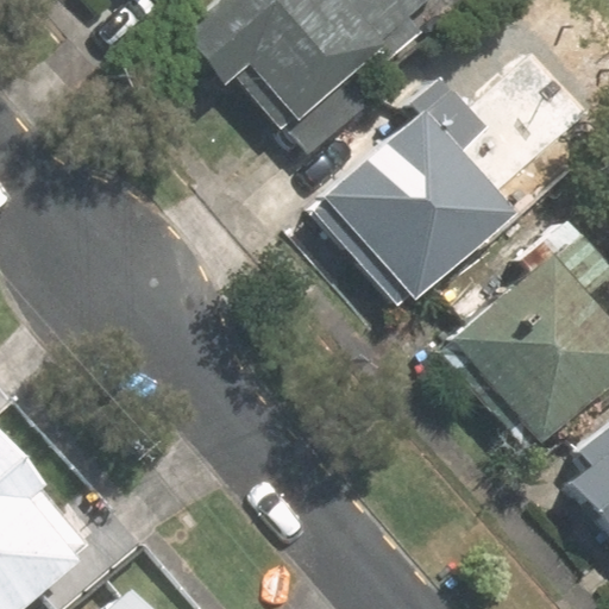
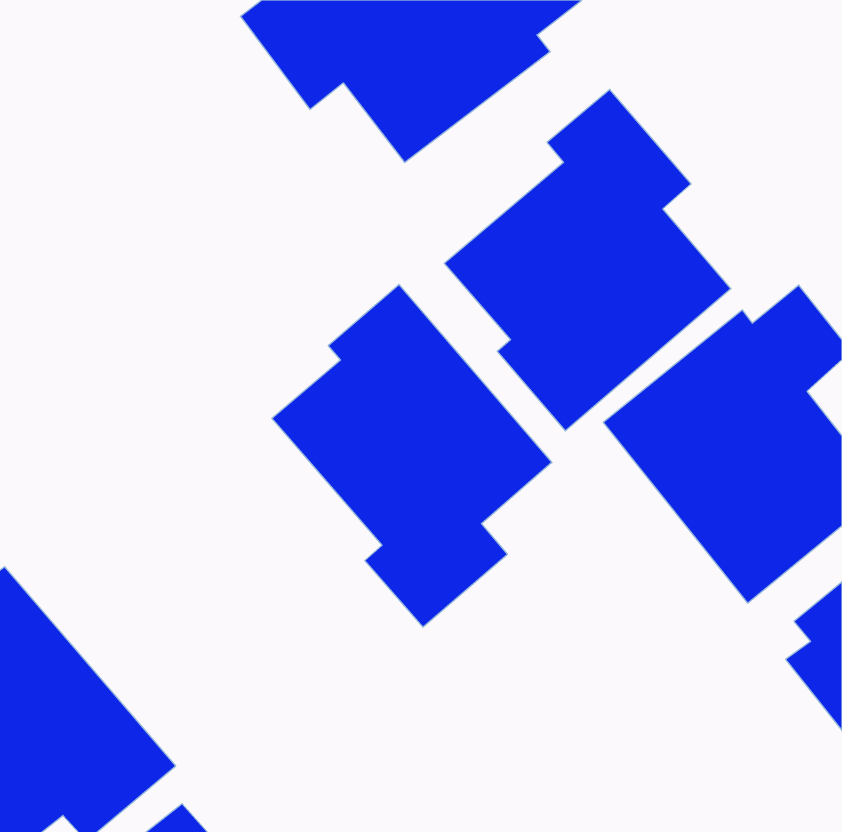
building: none -> [272,284,552,627]

